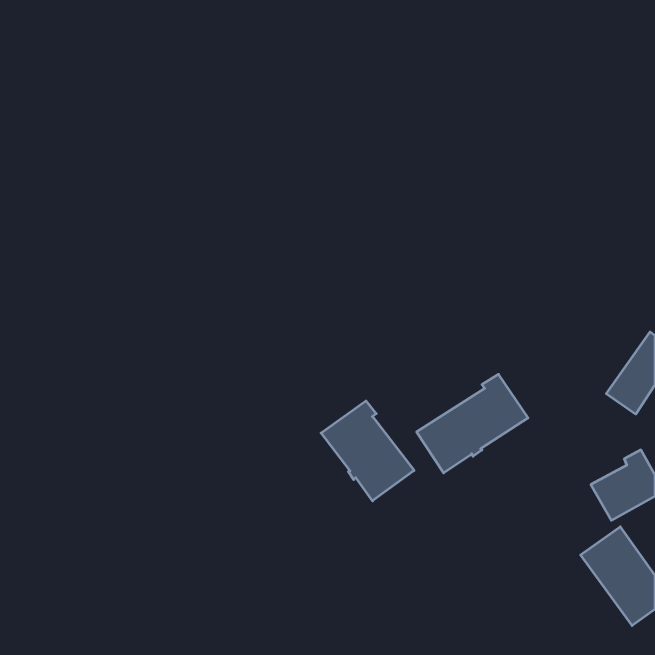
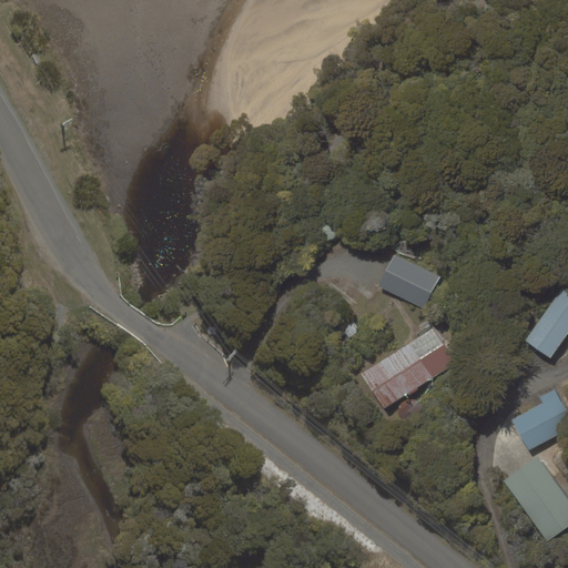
building: none -> [378,254,440,308]
building: [321,401,414,501] -> none

